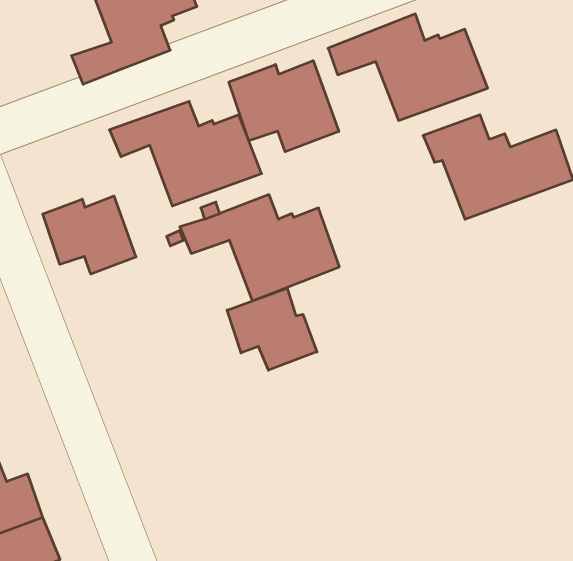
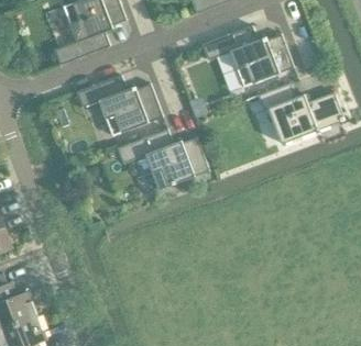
building: [229,61,339,152] -> none
building: [43,196,136,274] -> none
building: [227,288,317,370] -> none

